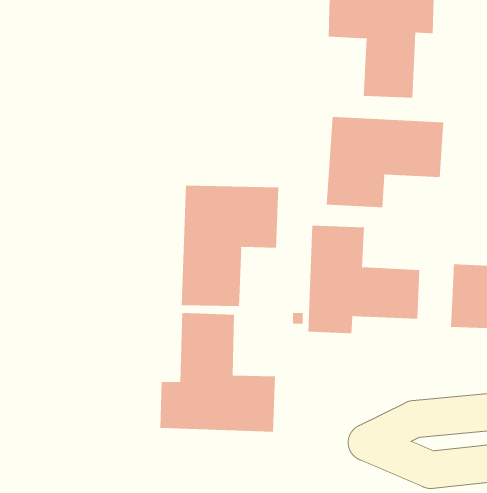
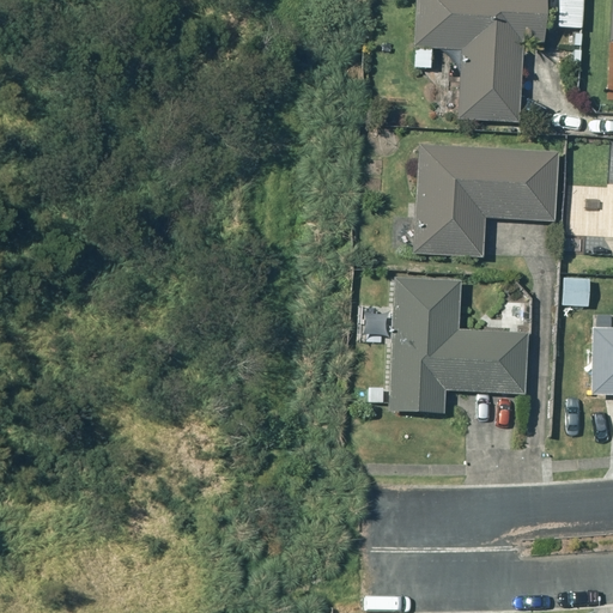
building: [181,185,279,307] -> none
building: [160,312,276,433] -> none

